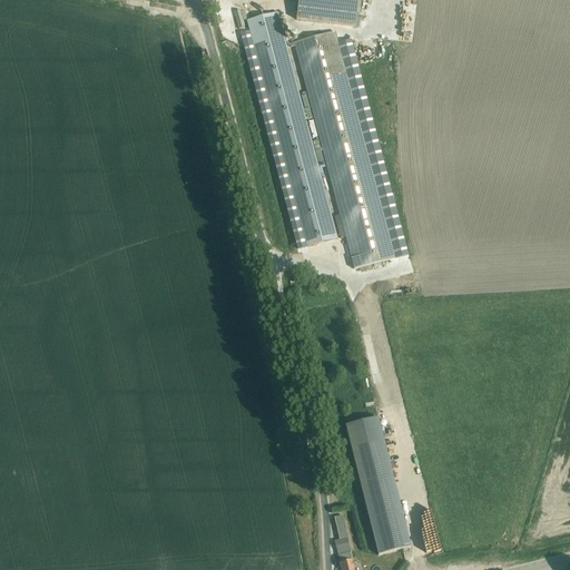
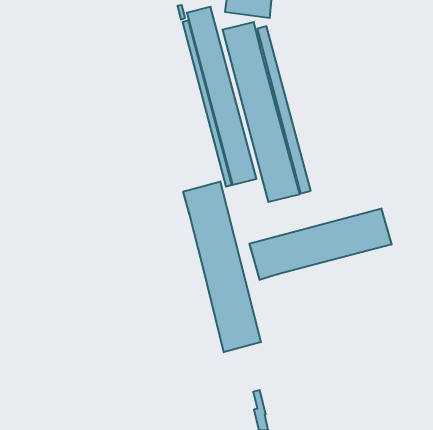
building: none -> [183,181,261,352]
building: none -> [249,208,392,280]
building: [345,416,410,552] -> none

